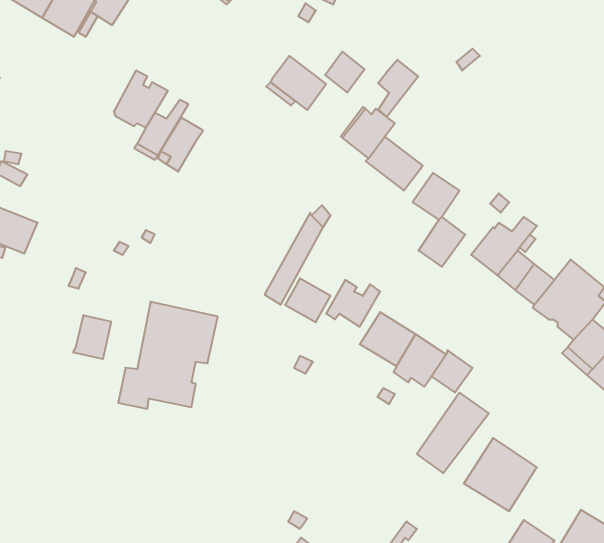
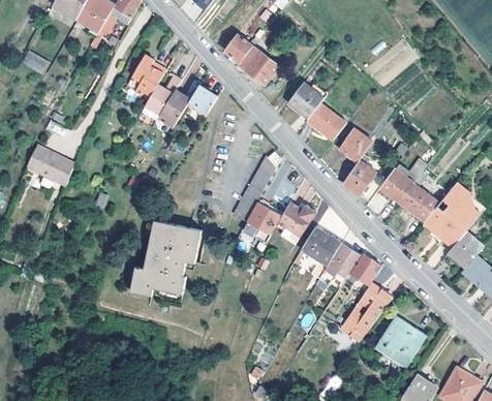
building: [325,52,365,93] -> [223,33,251,62]
building: [378,60,418,117] -> none
building: none -> [186,84,217,117]
building: [73,315,111,359] -> none

